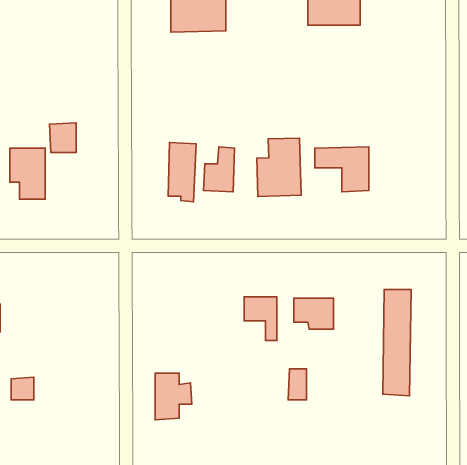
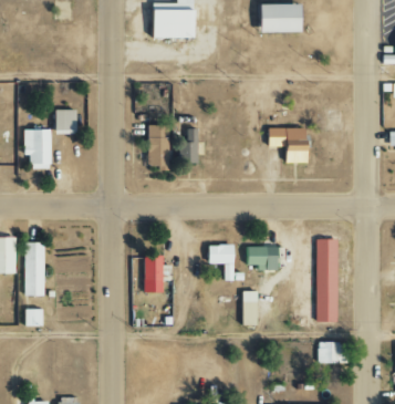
building: [257,138,301,196] -> none
building: none -> [24,242,45,296]
building: [155,373,192,420] -> [145,256,174,292]
building: none -> [319,341,350,363]

